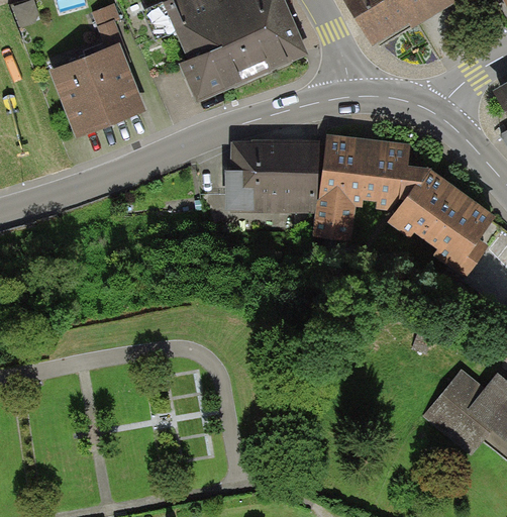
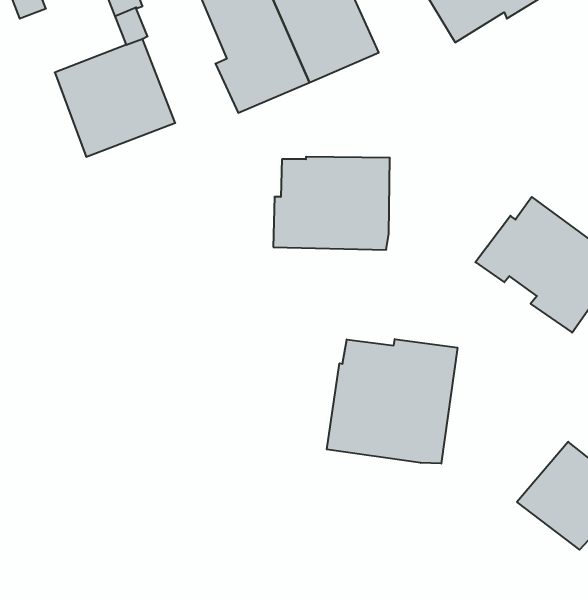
building: [313,133,434,242] -> none
building: none -> [327,339,457,464]

